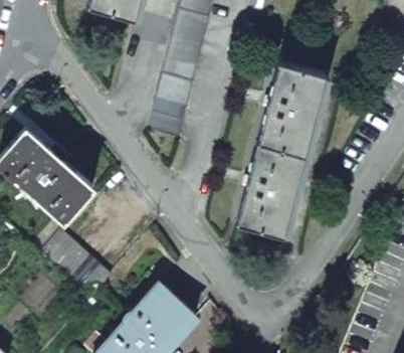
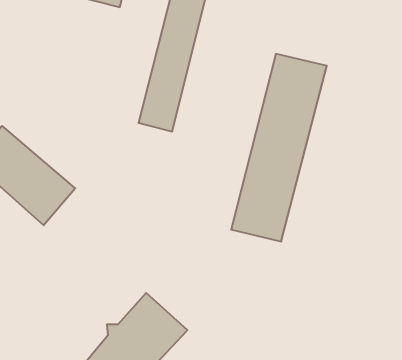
building: [41,230,112,297] -> none

